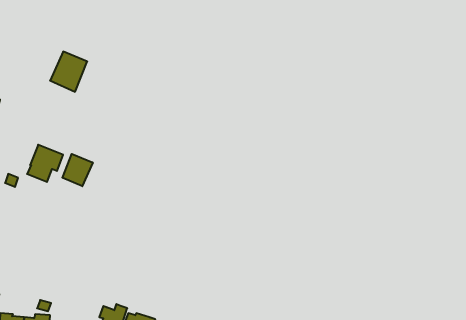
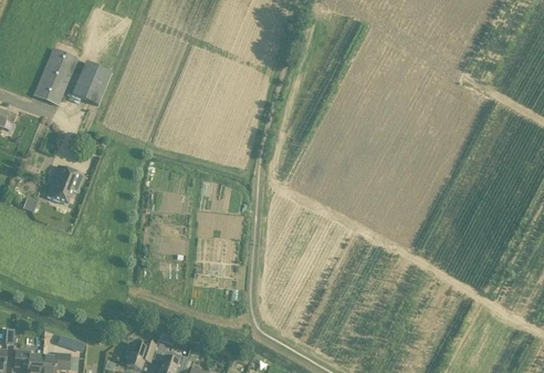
building: none -> [32,48,77,106]
building: [62,154,93,186] -> none

